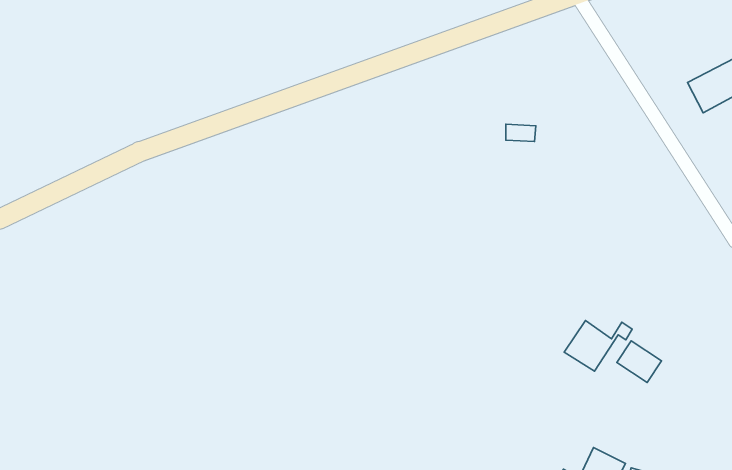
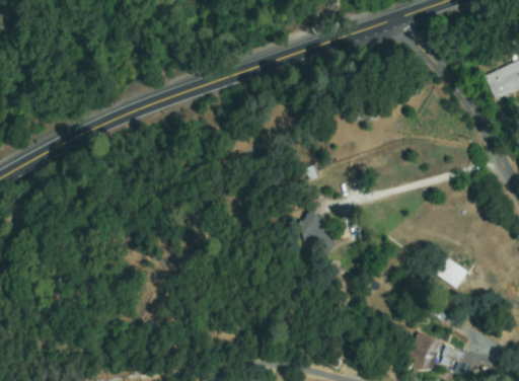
building: none -> [298,215,340,255]
building: [564,320,632,371] -> none

